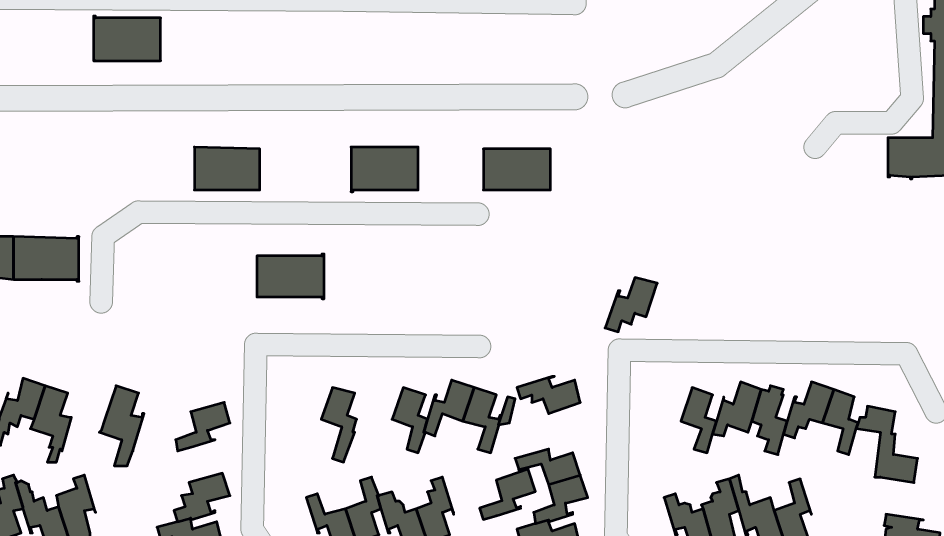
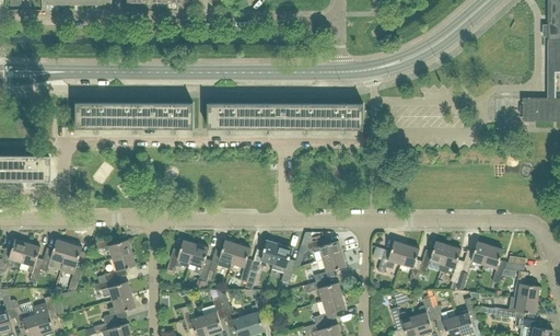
building: [94,16,161,61] -> [75,102,115,128]
building: none -> [246,103,284,128]
building: none -> [324,104,362,128]
building: [257,254,324,299] -> [153,103,192,129]
building: [605,278,657,332] -> [376,241,407,273]
building: none -> [94,236,132,258]
building: none -> [40,239,69,271]
building: none -> [166,240,196,271]
building: none -> [208,240,237,273]
building: none -> [93,279,131,300]
building: [480,469,535,519] -> [313,253,346,282]
building: none -> [501,297,537,320]

